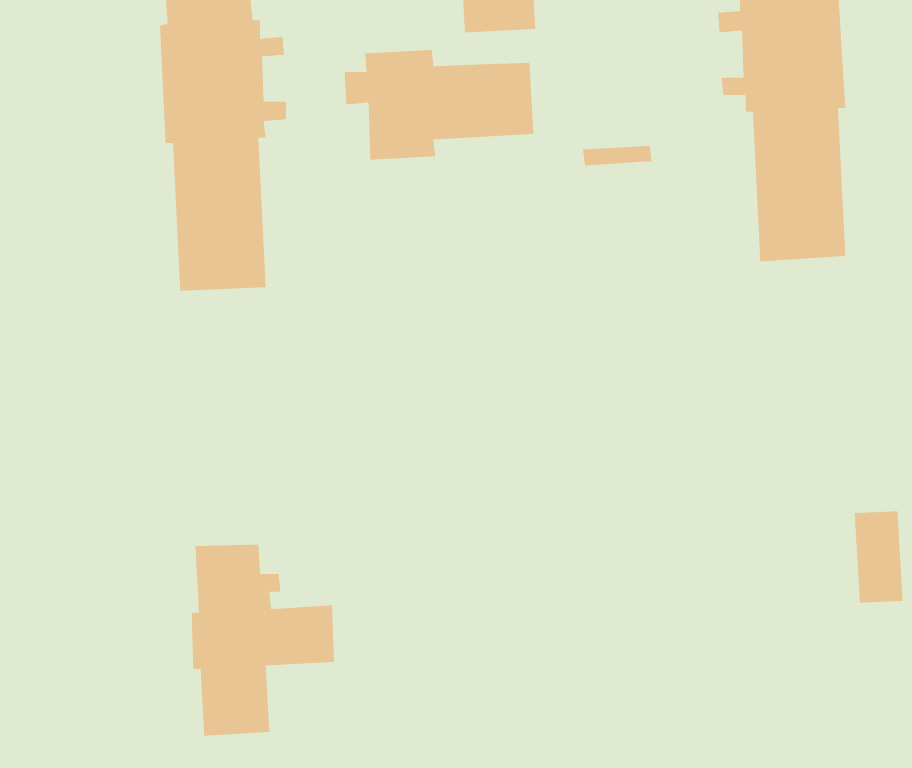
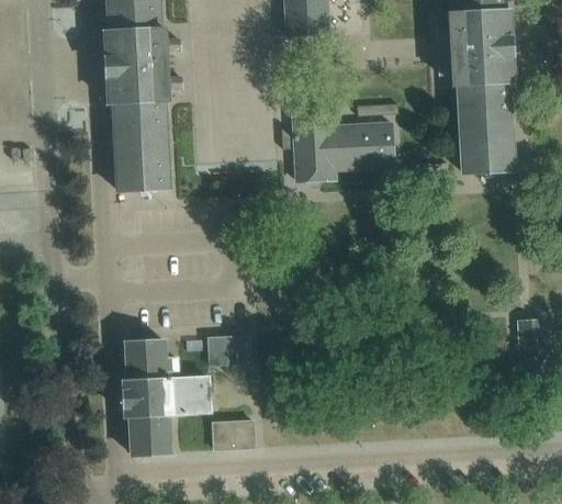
building: [344,49,534,160] -> [280,115,393,181]
building: none -> [207,336,249,365]
building: none -> [212,421,255,449]

